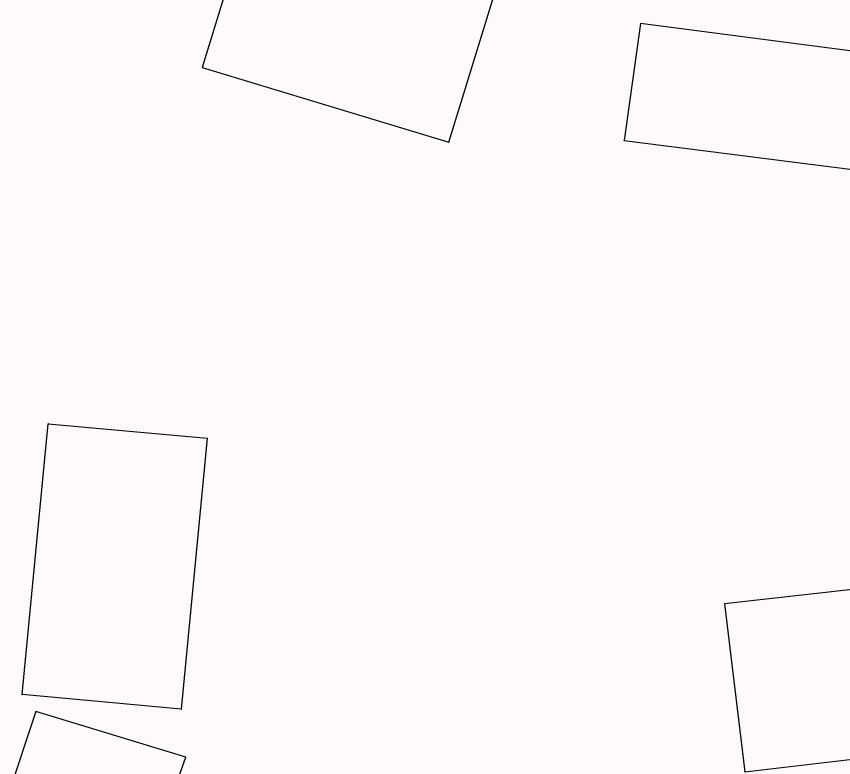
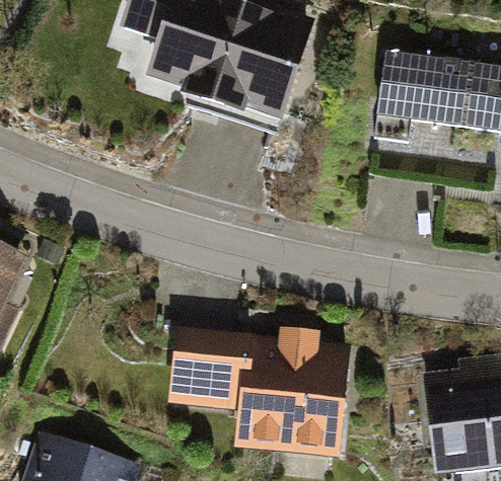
building: [22,424,207,709] -> none
building: none -> [175,332,350,453]

